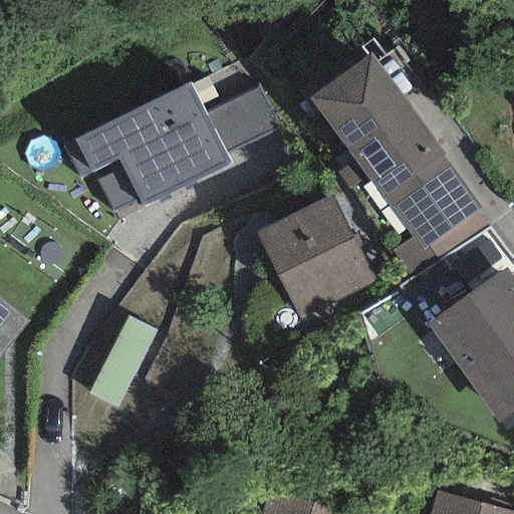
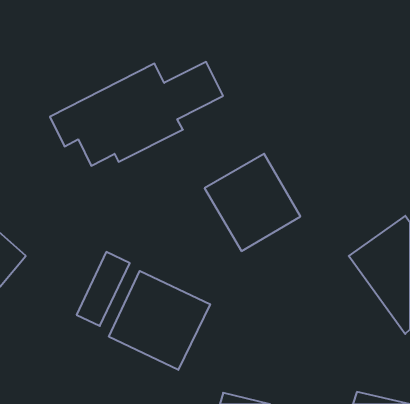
building: [313,58,485,271] -> none
building: none -> [109,271,210,370]

